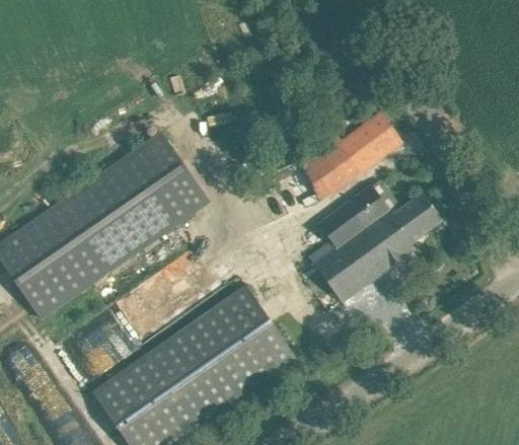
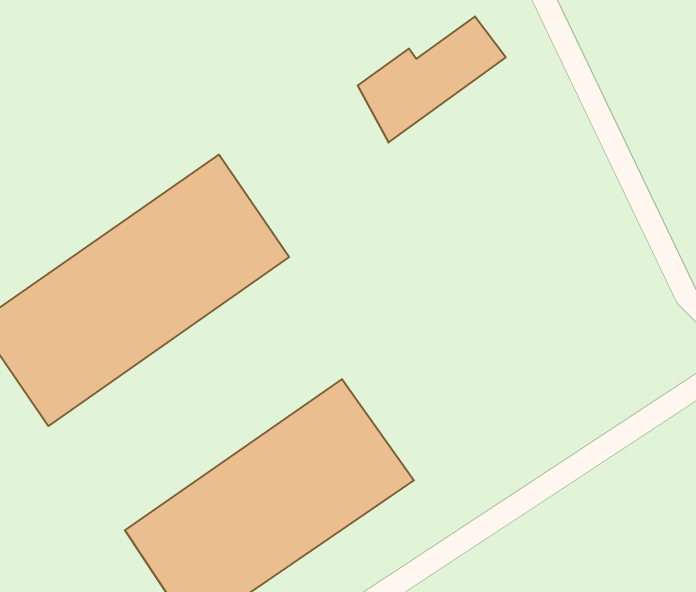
building: [300,113,402,200] -> [358,16,506,143]
building: [308,186,443,301] -> none

